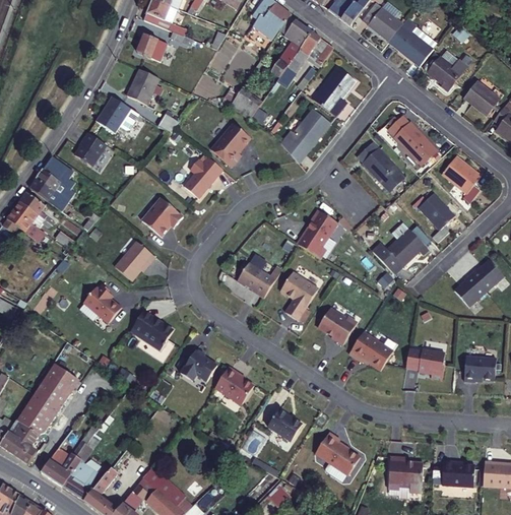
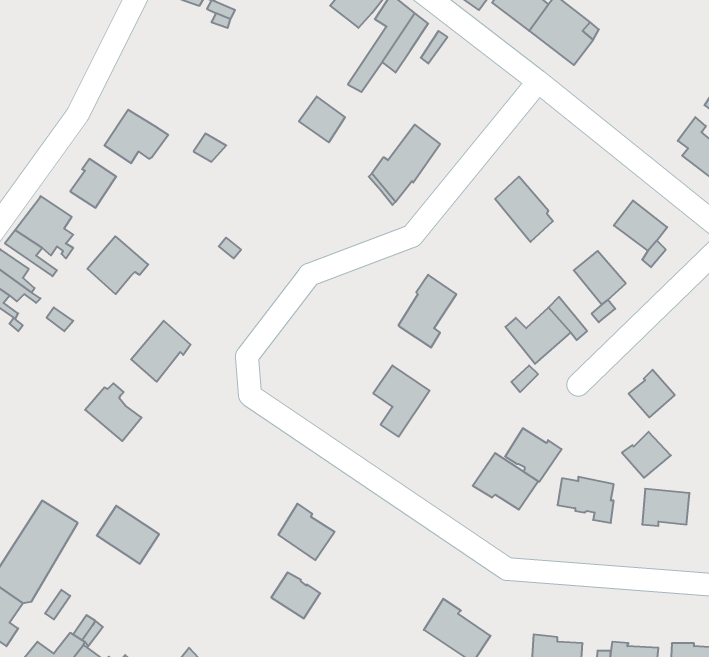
building: [136,34,168,61] -> none
building: [424,55,462,89] -> none
building: [311,66,354,116] -> none
building: [127,67,161,104] -> none
building: [462,80,495,113] -> none
building: [396,120,438,164] -> none
building: [211,122,251,167] -> none
building: [185,156,223,198] -> none
building: [142,197,184,237] -> [87,236,148,294]
building: [471,260,505,292] -> [622,432,671,478]
building: [237,261,282,298] -> none
building: [319,308,358,344] -> [505,428,562,482]
building: [131,310,174,349] -> [97,506,159,564]
building: [181,349,217,381] -> none
building: [268,408,302,440] -> [271,572,320,618]

